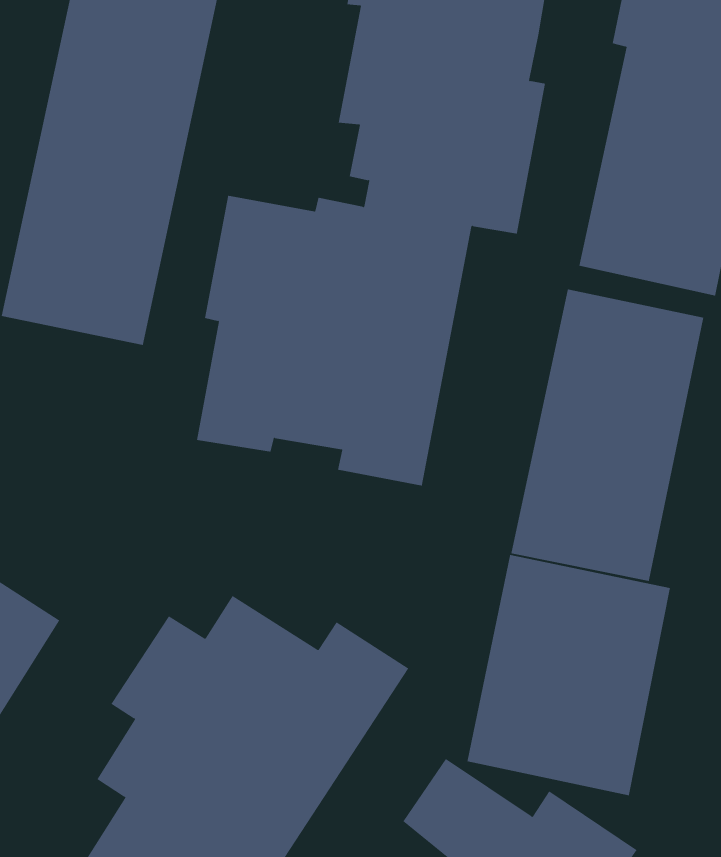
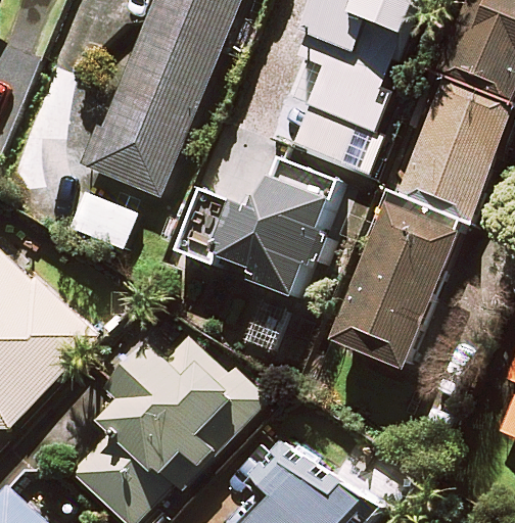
building: [467,554,670,796] -> none

